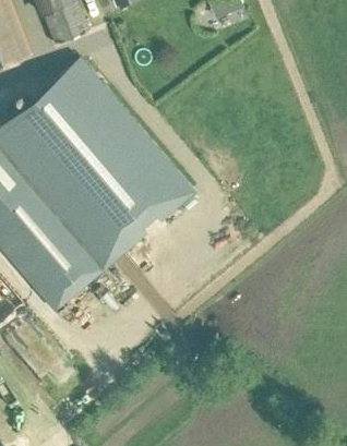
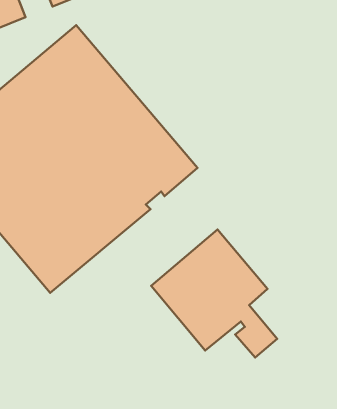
building: none -> [151,229,277,358]

